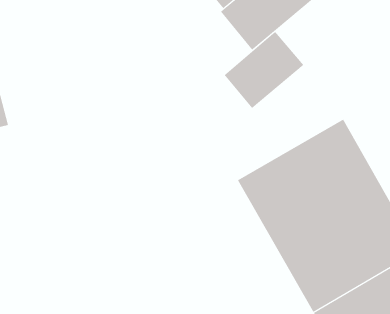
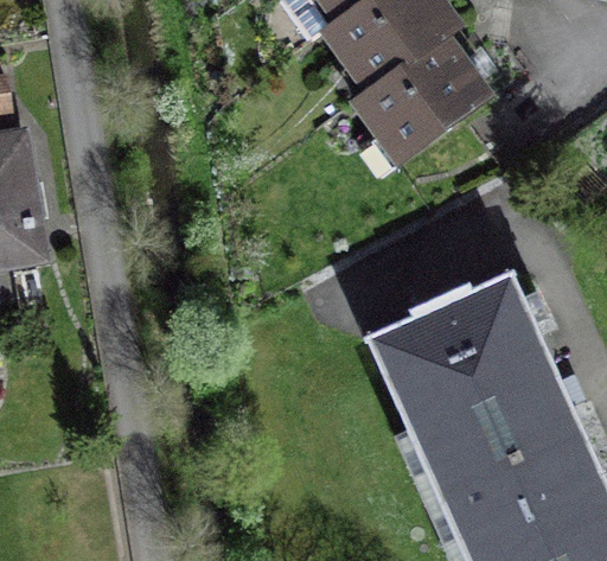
building: [224,31,304,109] -> none

